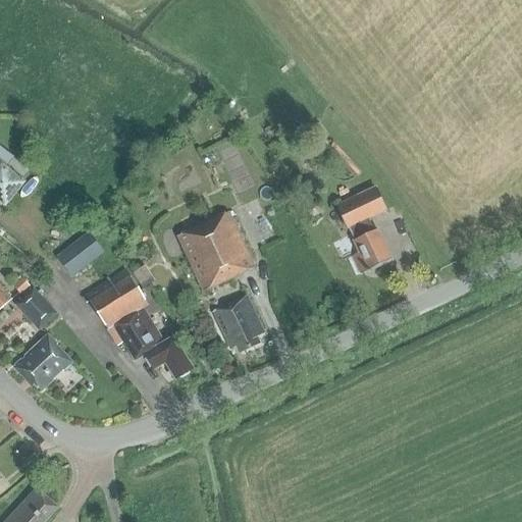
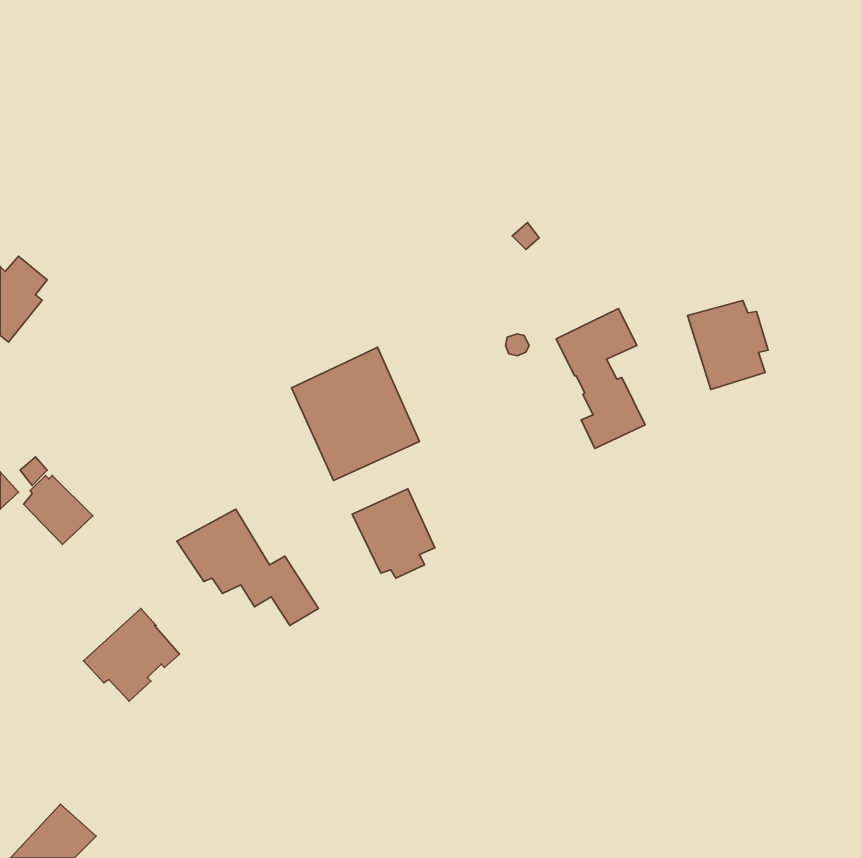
building: none -> [687,300,768,390]
building: [54,230,104,277] -> none
building: [86,268,147,327] -> none
building: [13,333,71,389] -> [84,609,180,701]

